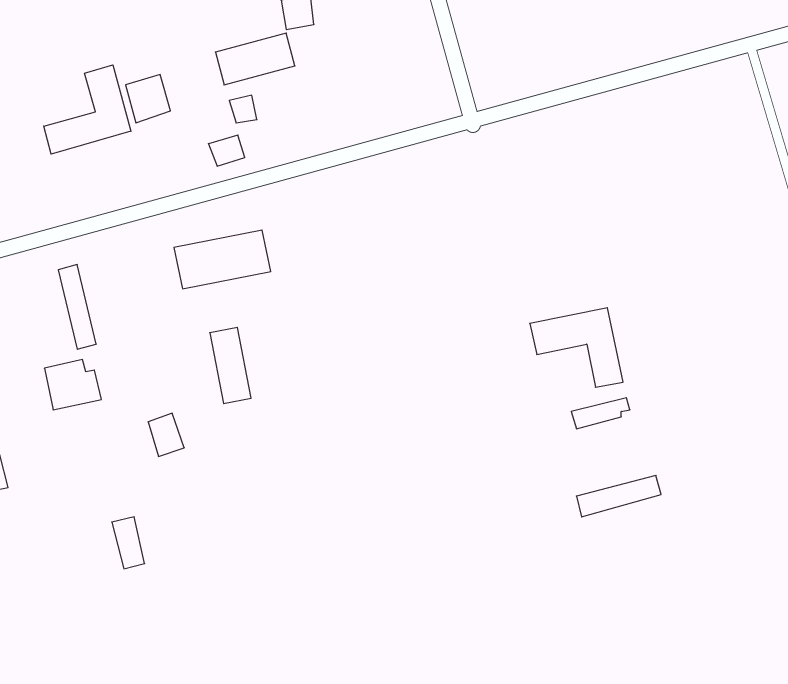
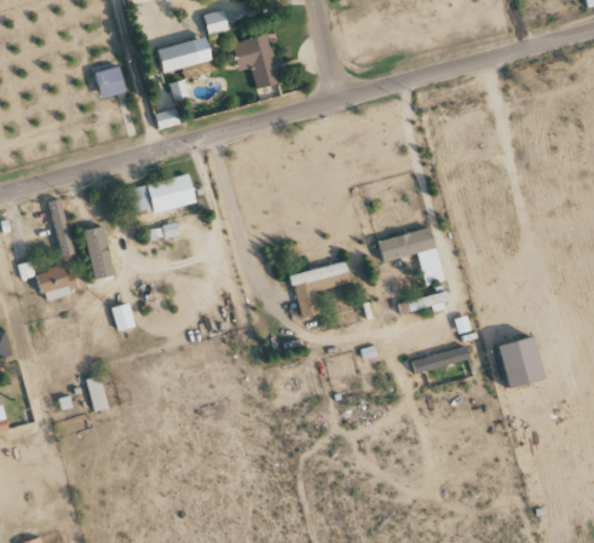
building: none -> [232,34,279,88]
building: [44,65,131,154] -> none
building: [210,327,251,404] -> [85,226,114,279]
building: none -> [290,261,350,318]
building: none -> [500,337,548,389]

